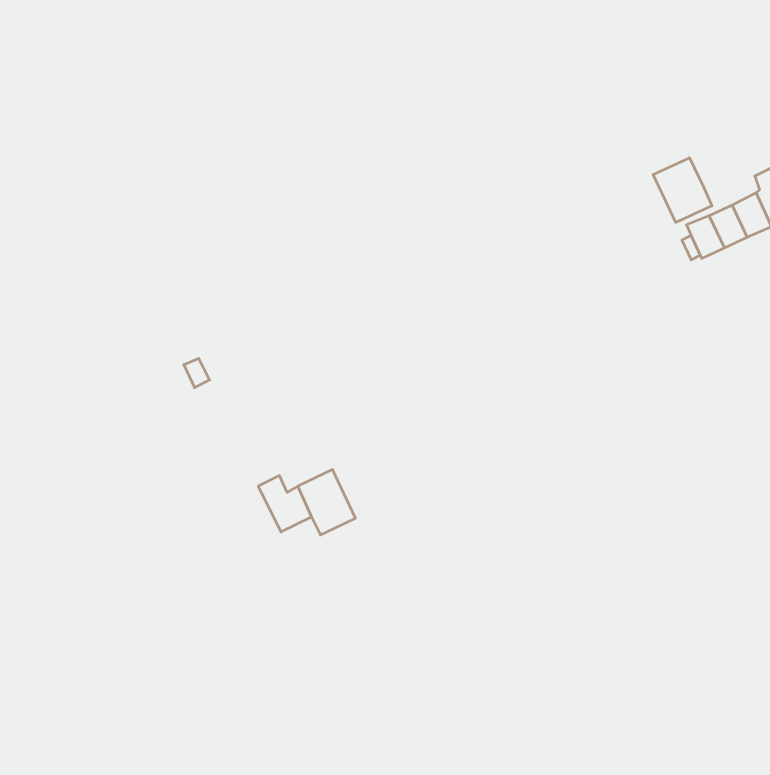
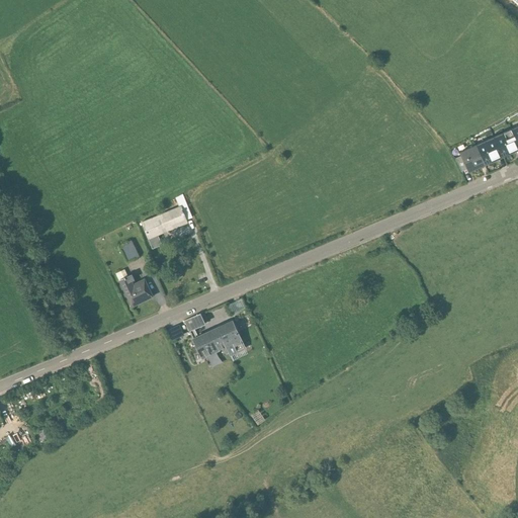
building: [653,158,712,222] -> none
building: none -> [145,208,190,239]
building: none -> [122,273,156,306]

